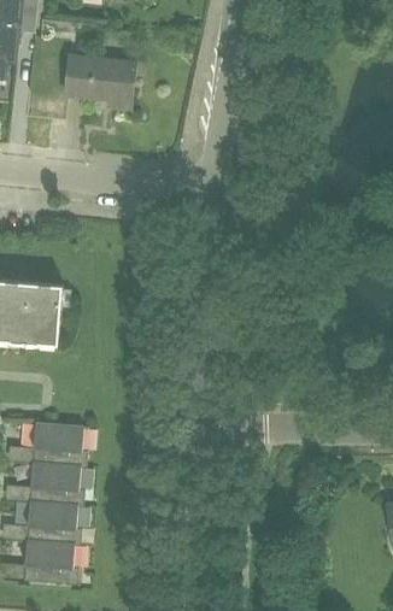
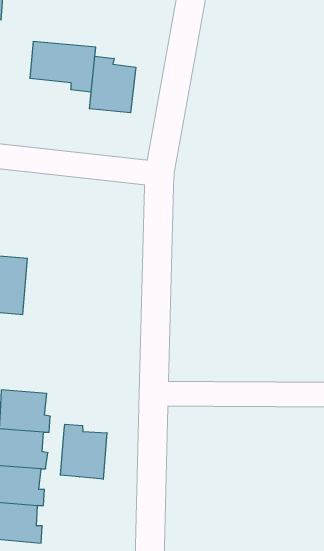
building: none -> [89,56,136,113]
building: none -> [61,424,107,479]

